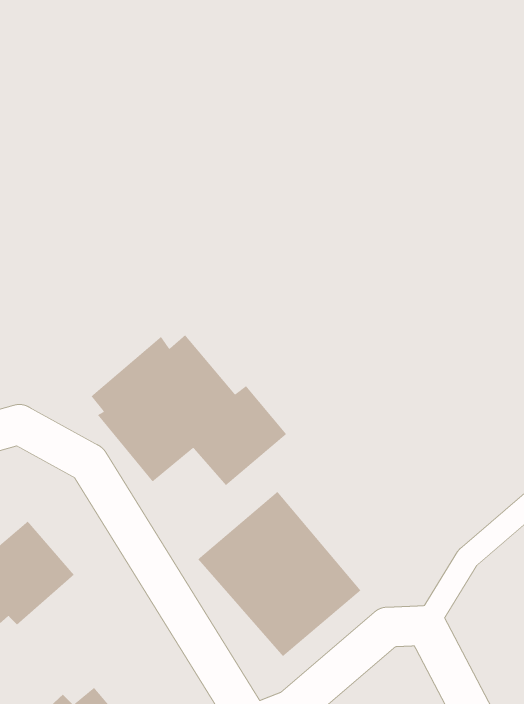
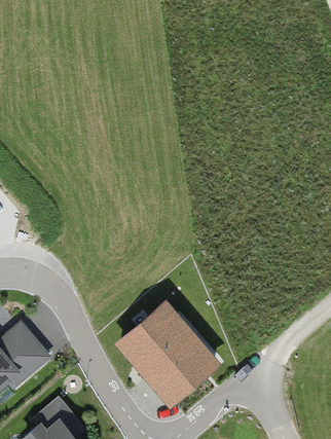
building: [91,334,287,486] -> none

